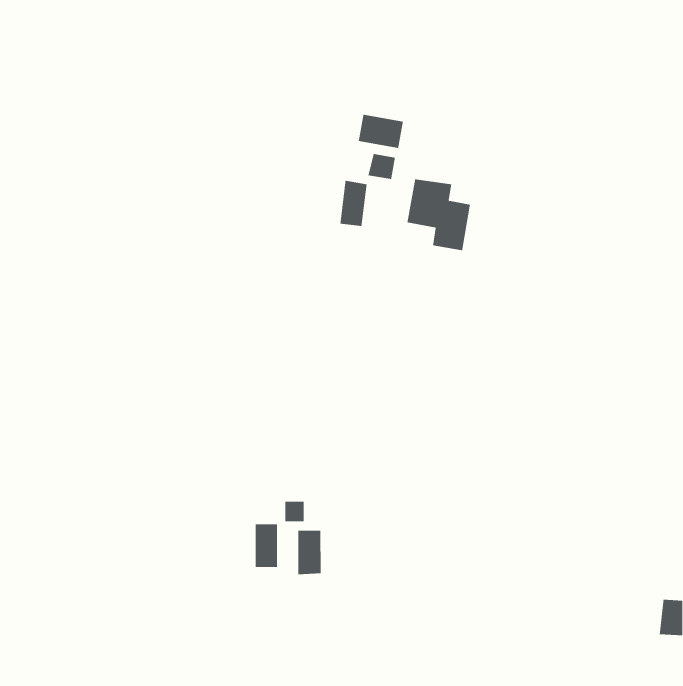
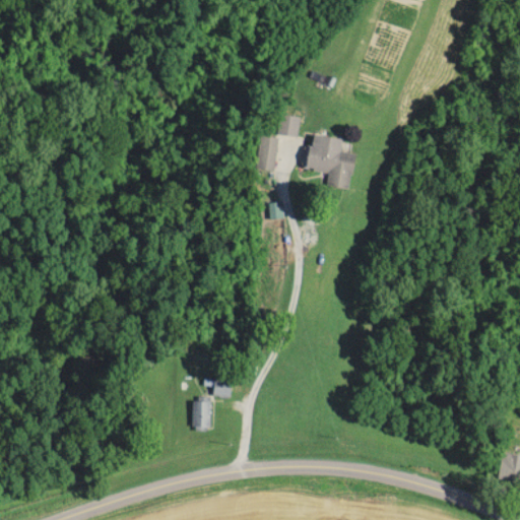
building: [358,114,404,149] -> none
building: [298,530,321,575] -> none

